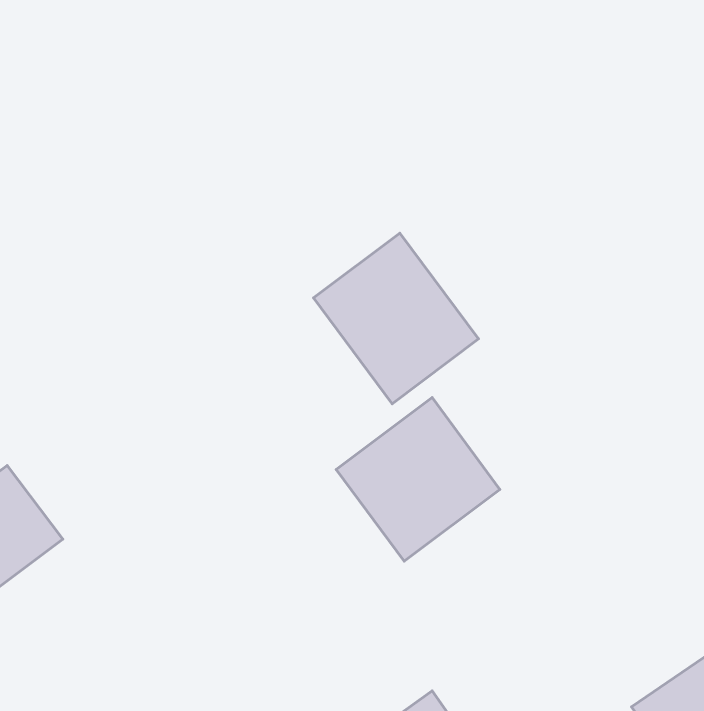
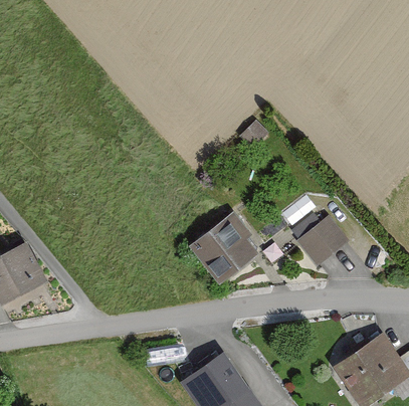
building: [313,233,479,404] -> none
building: none -> [292,212,349,266]

